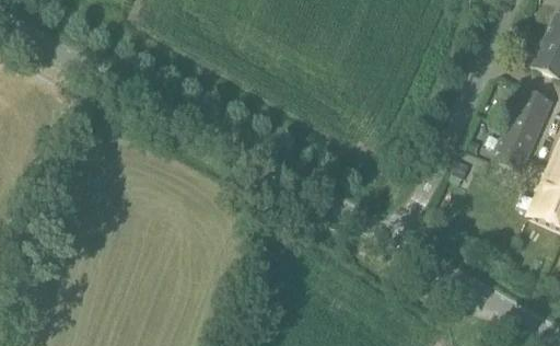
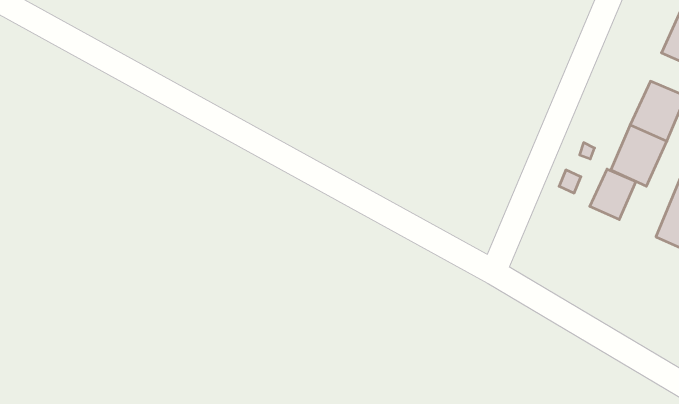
building: none -> [590,169,636,220]

